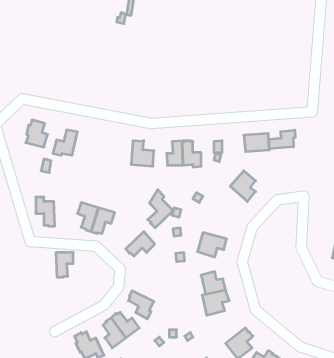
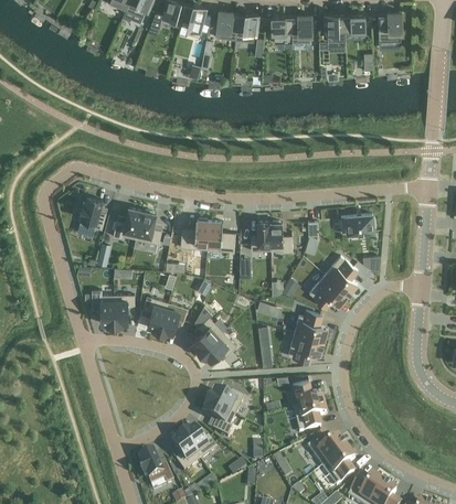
building: [269,130,295,149] -> none
building: none -> [135,211,161,245]
building: none -> [180,218,209,250]
building: none -> [310,277,348,309]
building: [148,190,173,228] -> [191,307,222,353]
building: none -> [294,311,326,341]
building: [56,253,73,277] -> [113,296,134,325]
building: none -> [208,392,244,417]
building: none -> [306,435,346,468]

